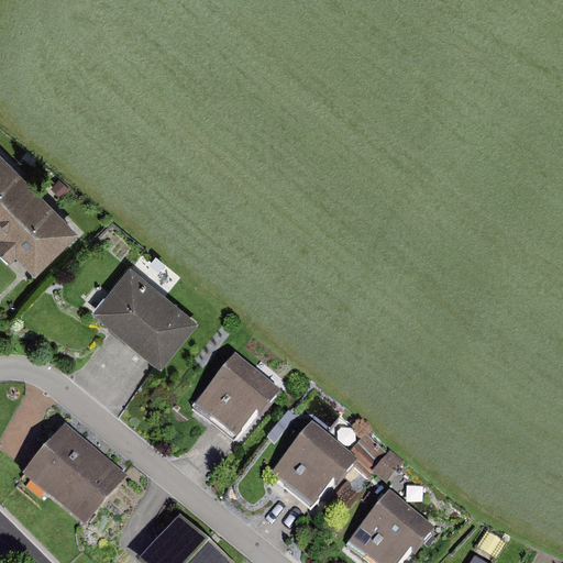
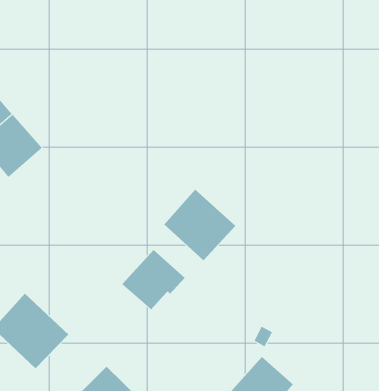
building: [90,263,197,365] -> none
building: none -> [163,189,236,261]
building: [267,422,355,508] -> none

